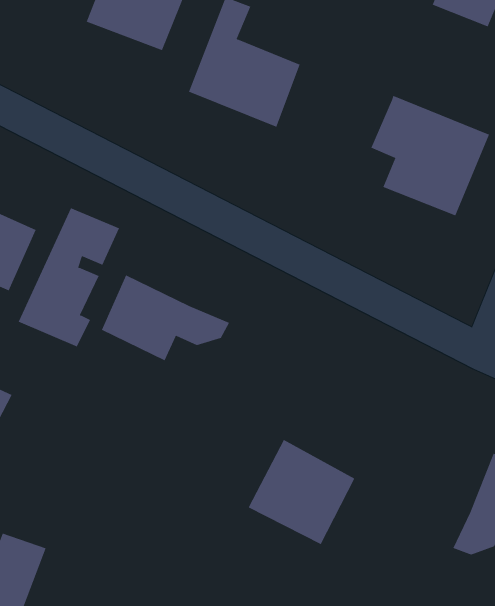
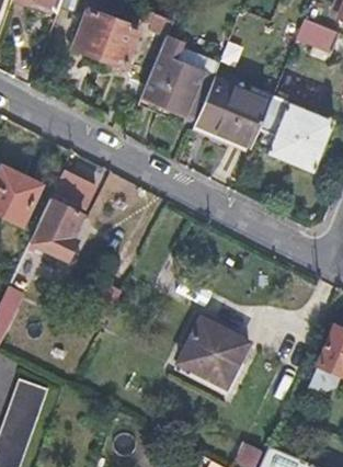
building: none -> [193,77,271,149]
building: [101,275,230,361] -> none

